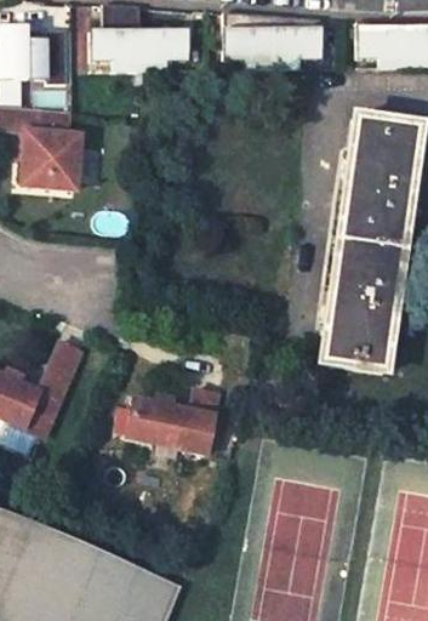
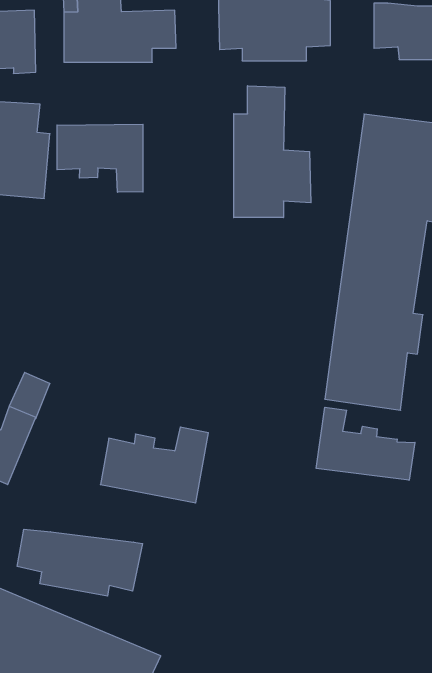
building: none -> [234,86,311,218]
building: none -> [57,124,143,192]
building: none -> [316,407,415,480]
building: none -> [17,529,143,596]

